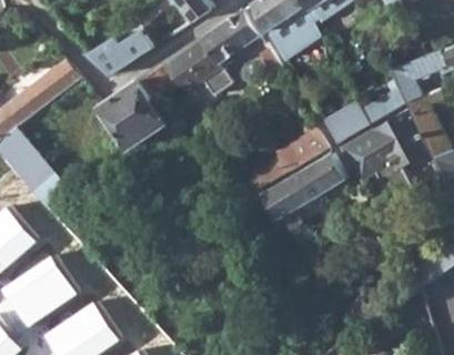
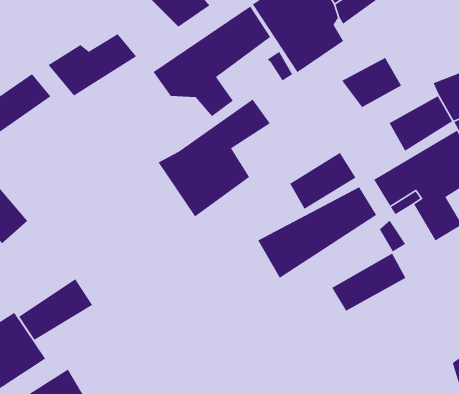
building: [89,61,180,156] -> [158,99,271,217]
building: [320,102,369,143] -> [341,57,402,108]
building: none -> [331,252,406,312]
building: none -> [18,278,93,341]

